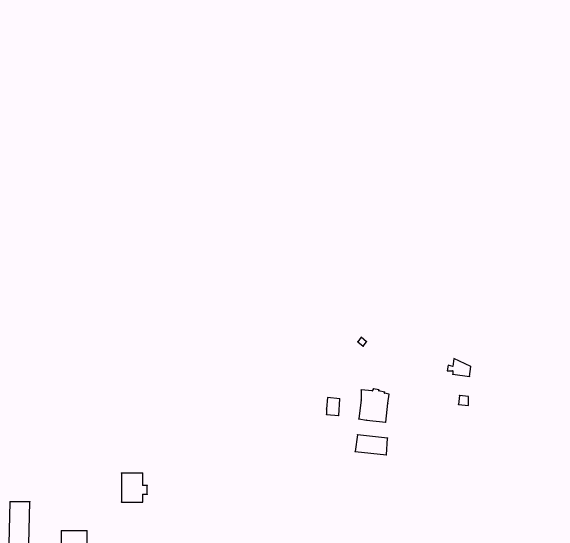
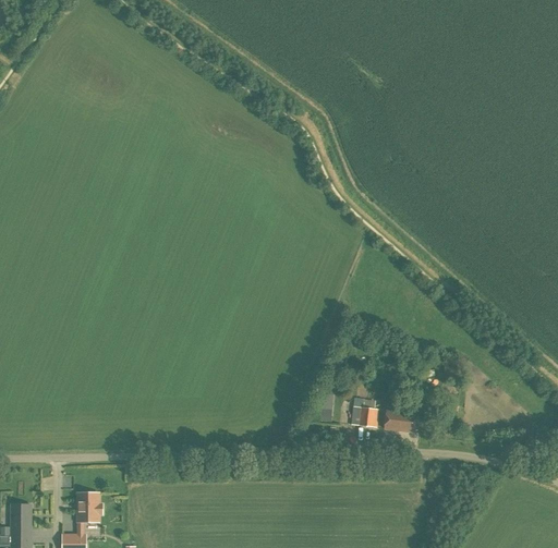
building: [355,435,388,455] -> [384,413,415,433]
building: [121,473,147,502] -> [76,495,101,523]

